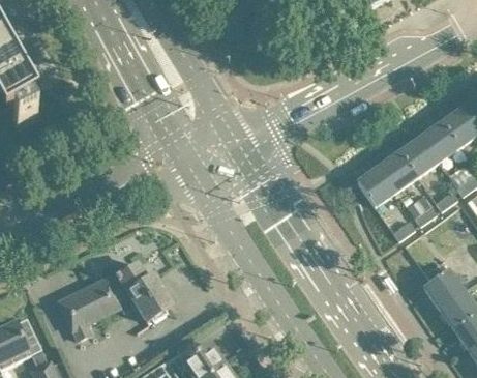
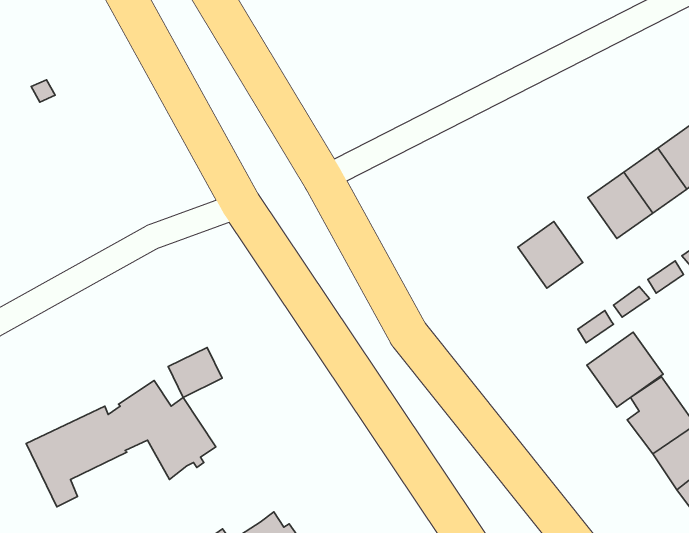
building: [379,152,417,192] -> none
building: none -> [587,332,663,407]
building: none -> [168,347,222,397]

